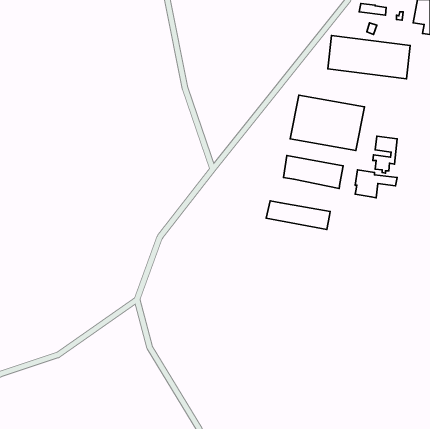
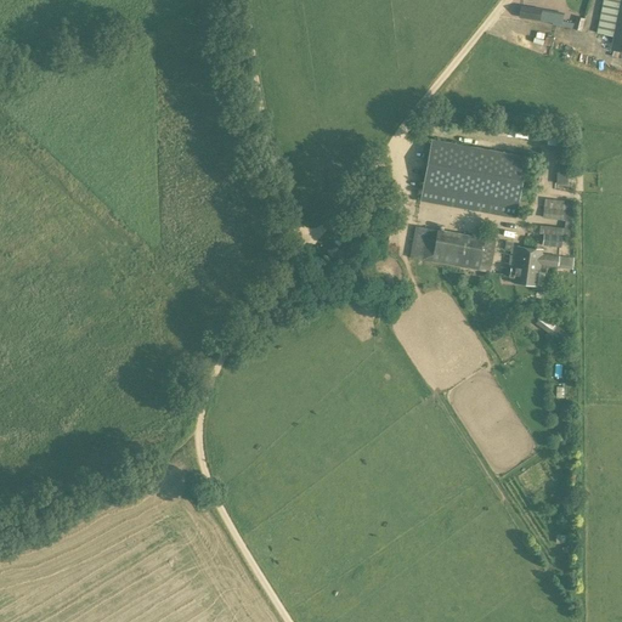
building: [328,35,410,79] -> none
building: [266,201,330,230] -> none

